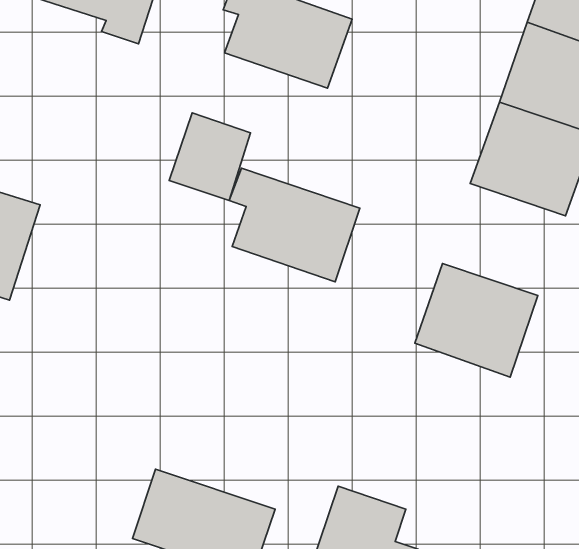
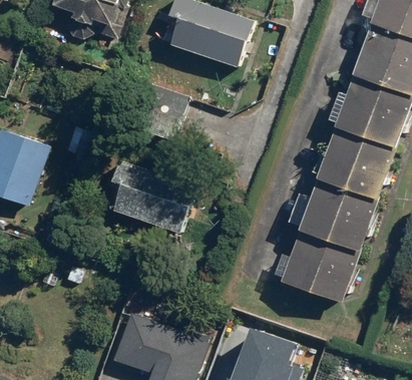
building: [229,168,360,282] -> [112,159,197,234]
building: none -> [314,129,394,203]
building: none -> [279,234,358,303]

